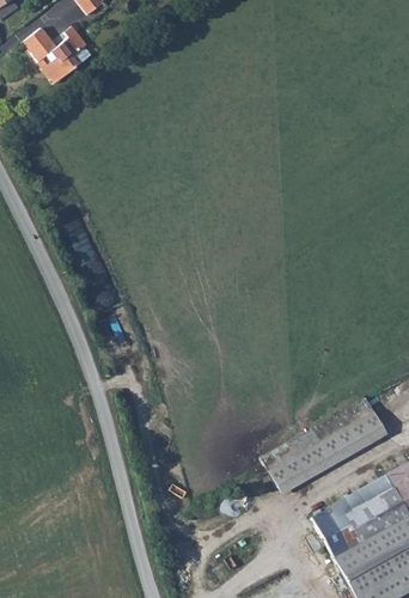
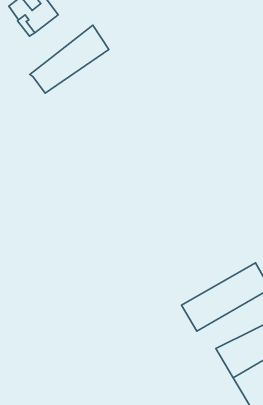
building: none -> [30,25,109,93]

